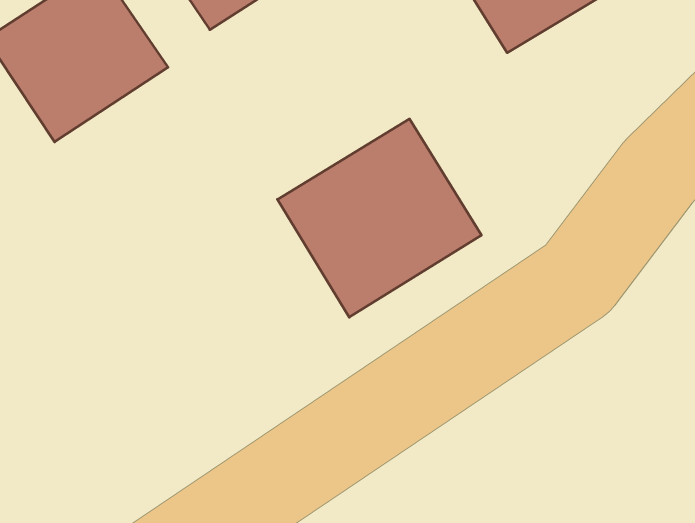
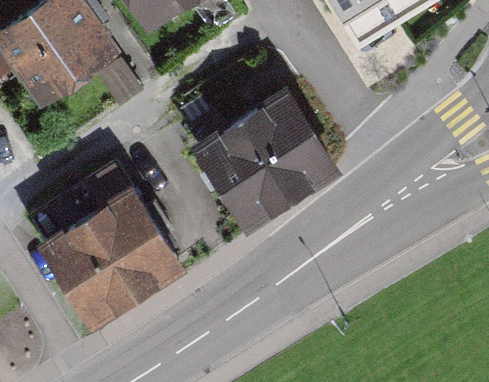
building: none -> [41,186,181,324]

